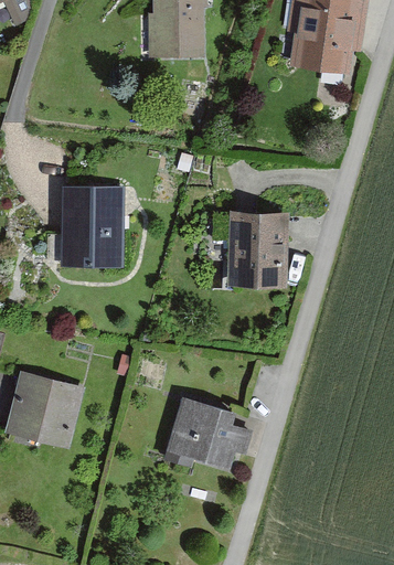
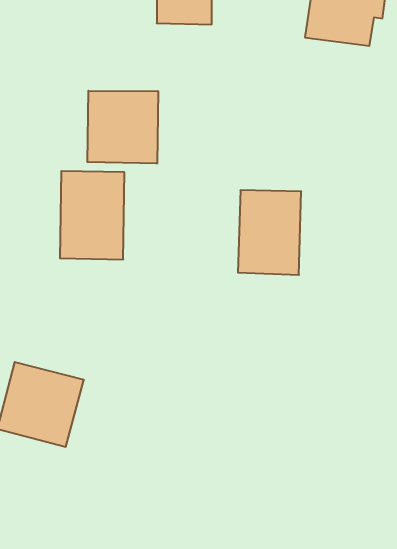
building: none -> [87,91,158,164]
building: [163,392,249,475] -> none

